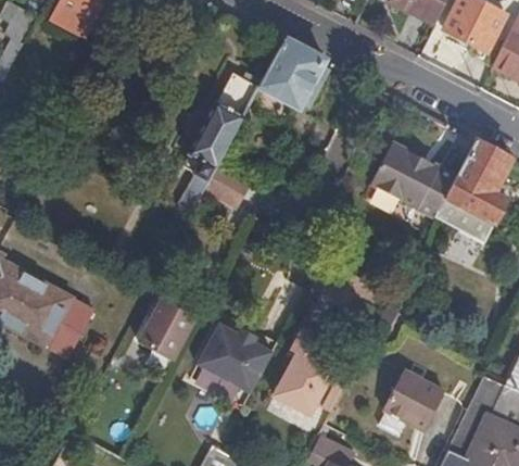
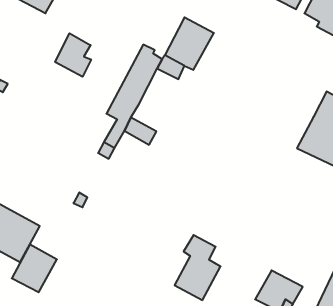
building: none -> [55,33,91,77]
building: [372,136,457,210] -> none
building: [141,297,201,360] -> [12,245,57,292]
building: [197,323,274,392] -> none

